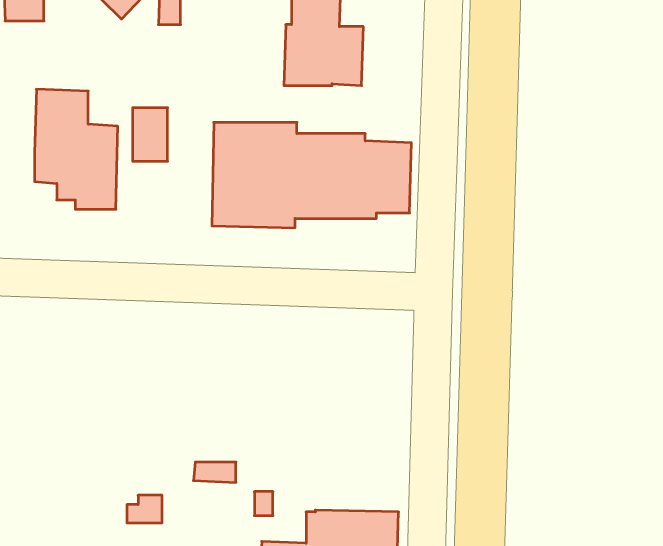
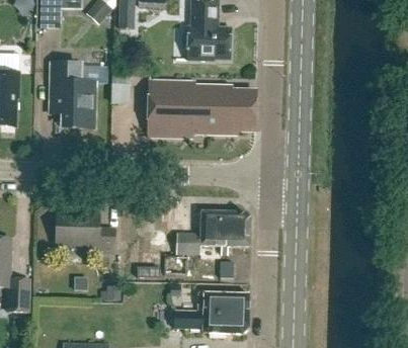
building: none -> [176,210,249,254]
building: none -> [56,214,114,250]

